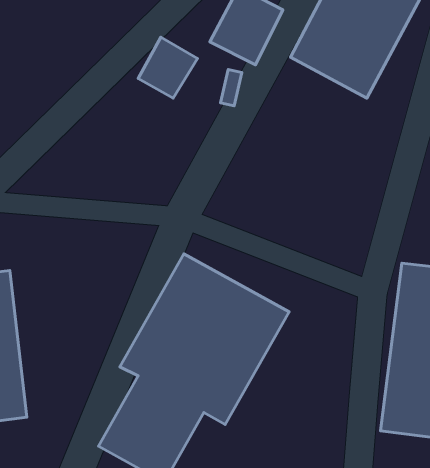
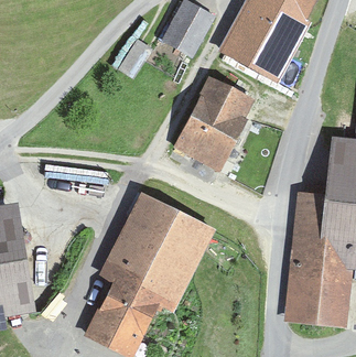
building: none -> [172,74,253,169]

